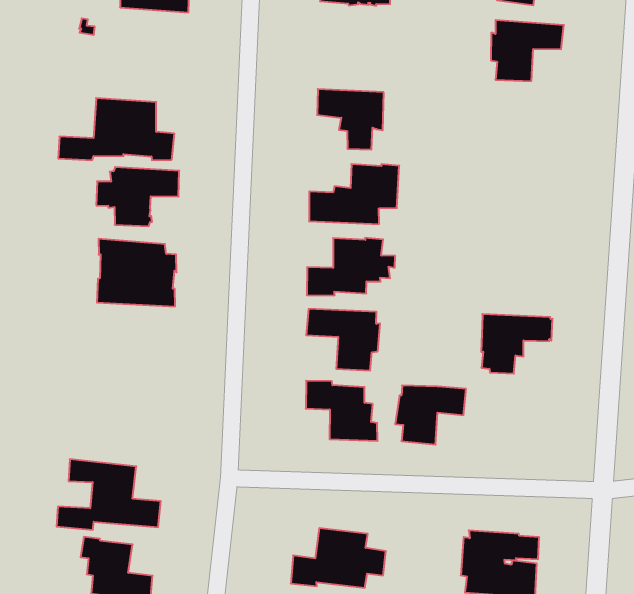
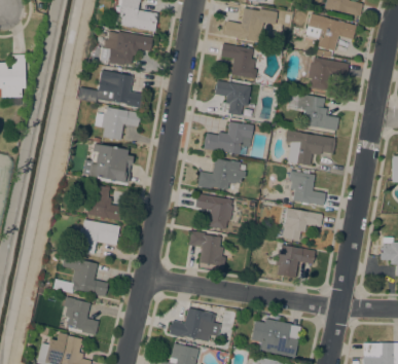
building: none -> [221,43,257,79]
building: none -> [100,32,153,66]
building: none -> [289,92,339,133]
building: none -> [286,130,336,166]
building: none -> [289,171,326,206]
building: none -> [86,184,122,220]
building: [395,385,466,445] -> [276,245,315,278]
building: none -> [76,219,119,254]

